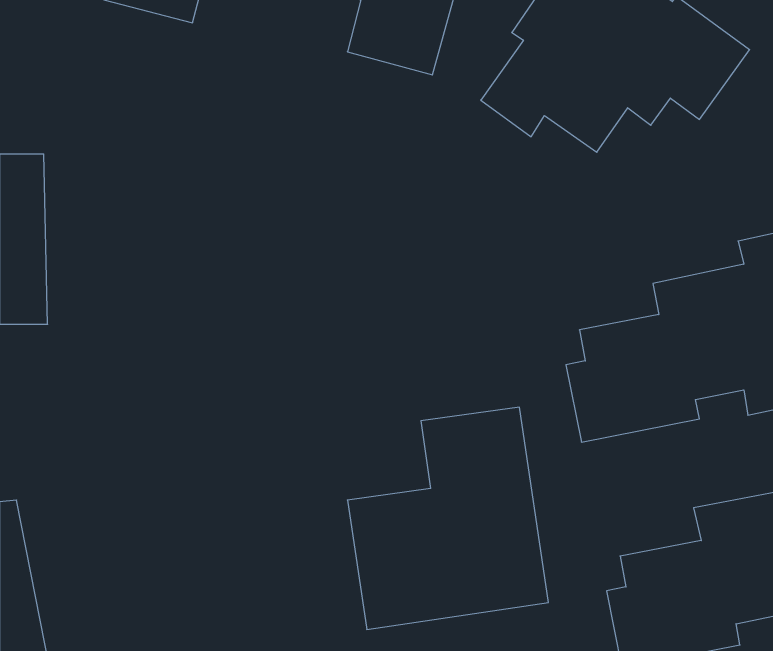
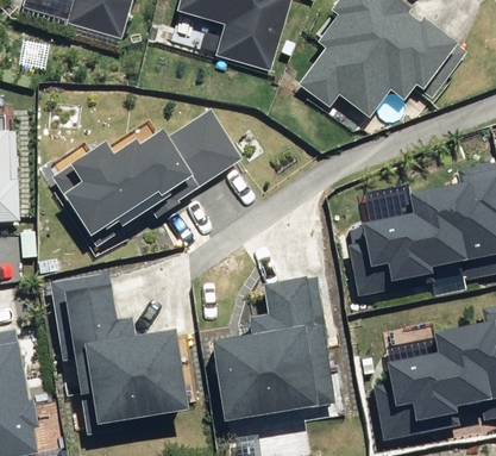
building: none -> [50,112,236,239]
building: none -> [62,270,186,420]

